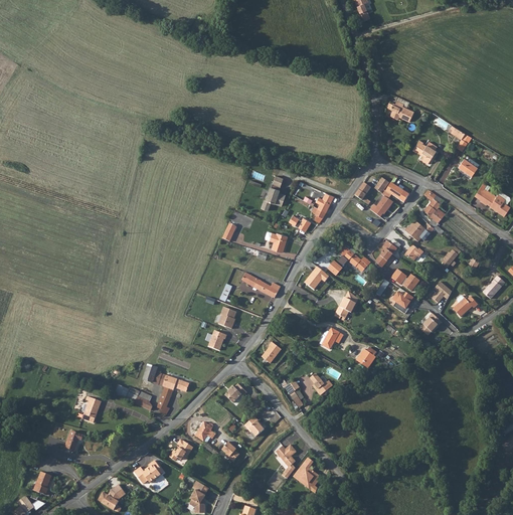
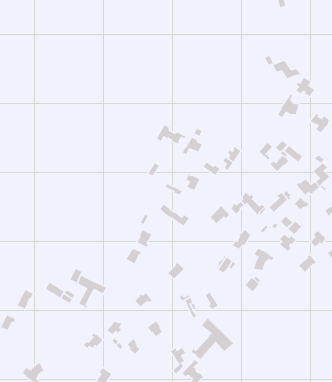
building: none -> [264,55,301,79]
building: none -> [277,94,299,118]
building: none -> [156,124,187,145]
building: none -> [253,248,274,270]
building: none -> [190,317,235,360]
building: [133,461,162,484] -> none

